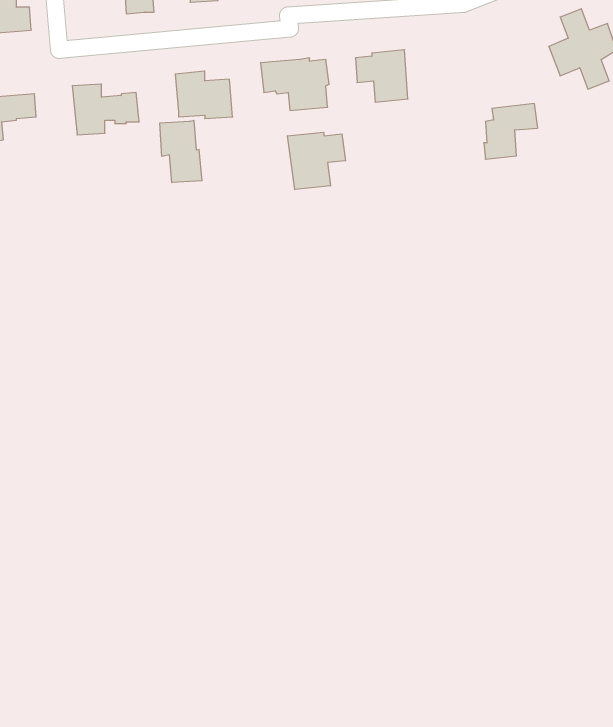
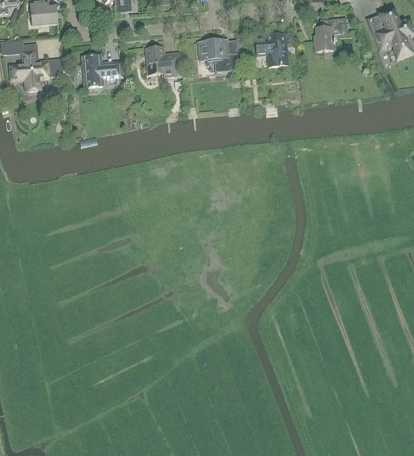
building: [484,104,538,159] -> [314,17,347,51]
building: [160,120,202,183] -> none
building: [288,132,346,190] -> none

